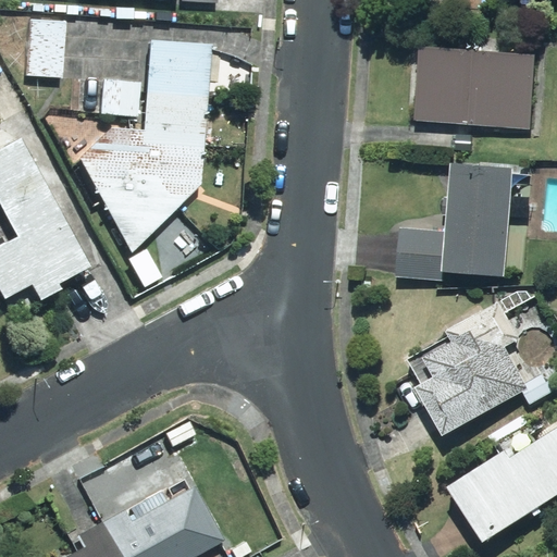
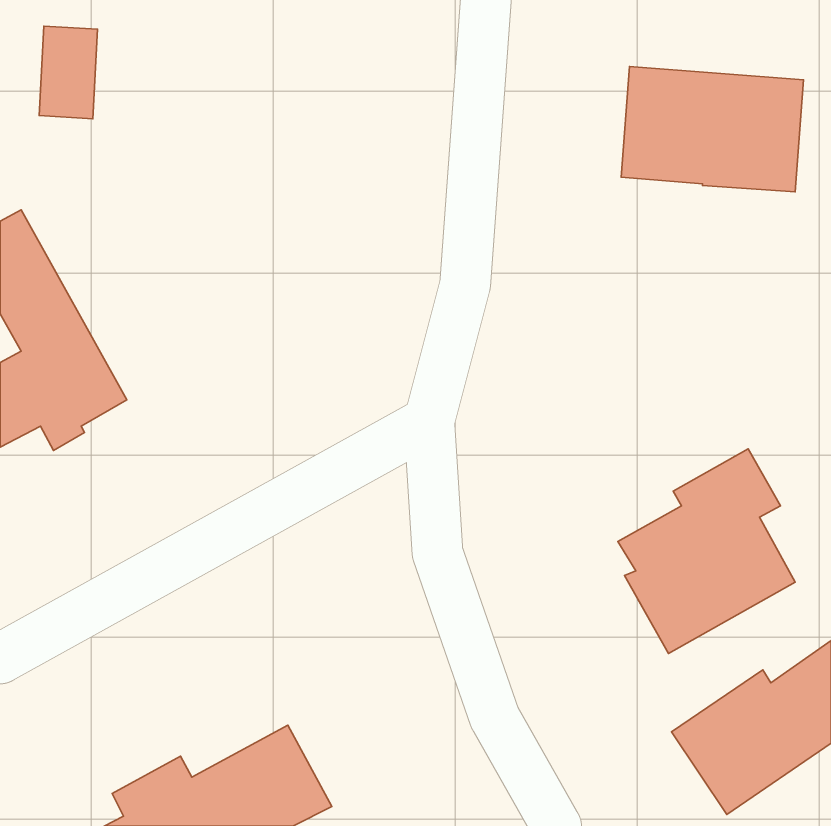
building: [75,40,208,252] -> none
building: [398,164,511,277] -> none

